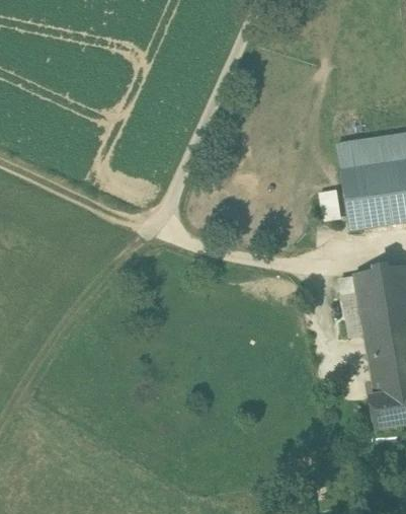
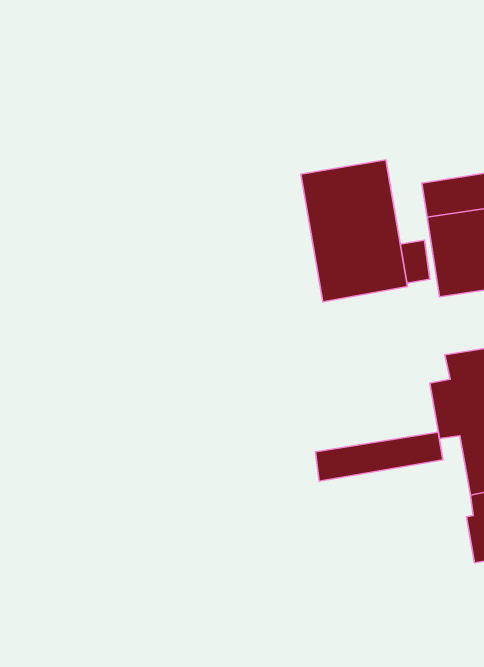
building: none -> [301,160,407,302]
building: none -> [315,432,443,481]

